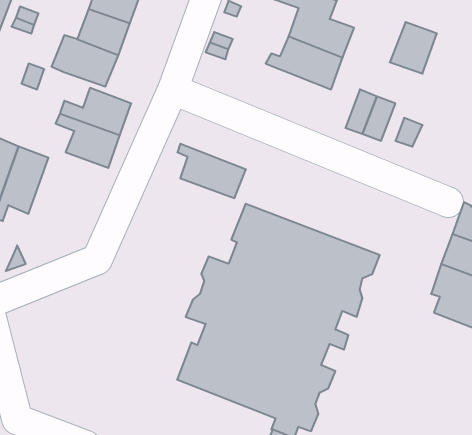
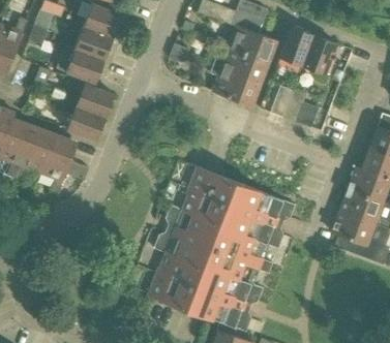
building: none -> [279,26,313,64]
building: [177,144,246,198] -> [210,65,260,104]
building: none -> [40,133,89,193]

